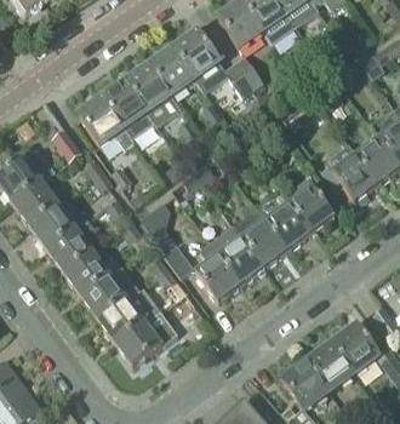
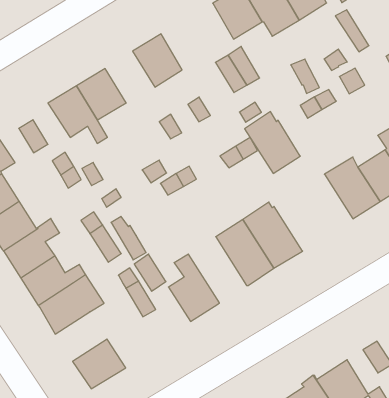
building: [173,33,218,87] -> none
building: [126,65,179,125] -> none
building: [284,177,335,231] -> [245,112,300,173]
building: [211,224,264,282] -> none
building: [98,290,156,343] -> none

